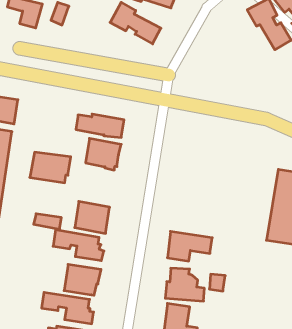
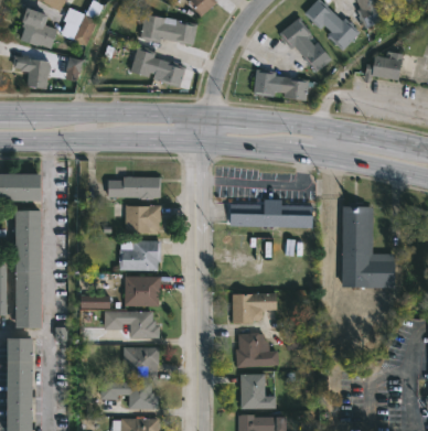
building: none -> [255,71,310,104]
building: none -> [226,200,315,228]
building: [30,152,71,183] -> [120,240,162,270]

